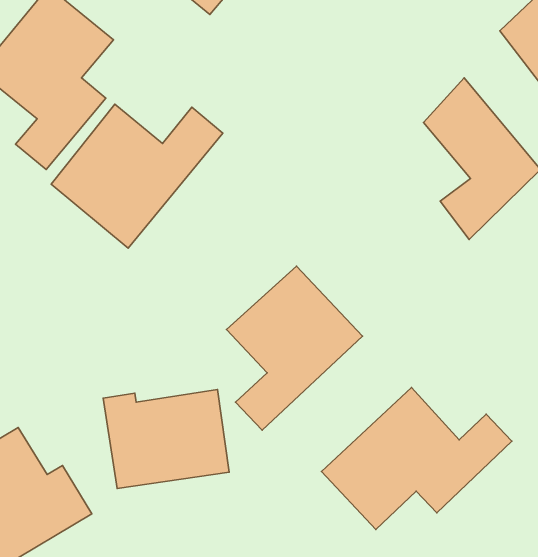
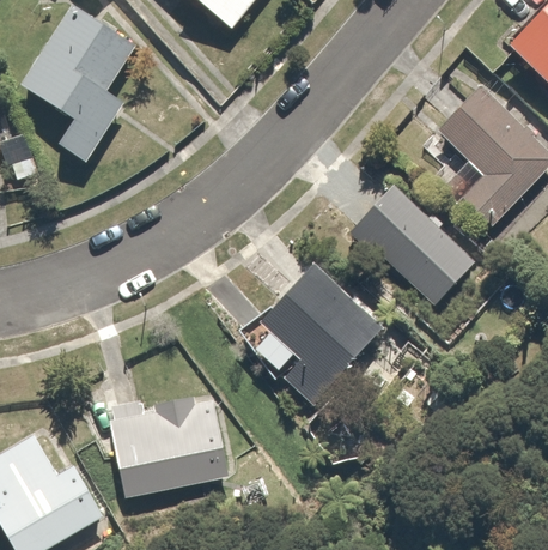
building: [51,104,223,248] -> none
building: none -> [342,185,470,313]
building: [322,388,512,529] -> none

